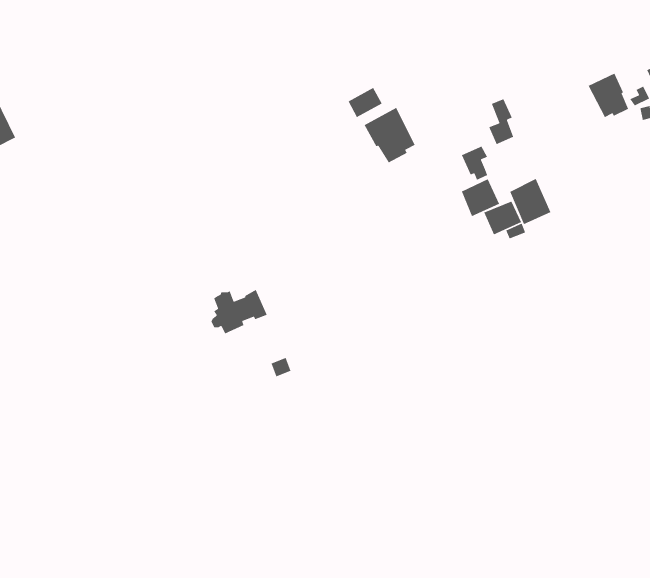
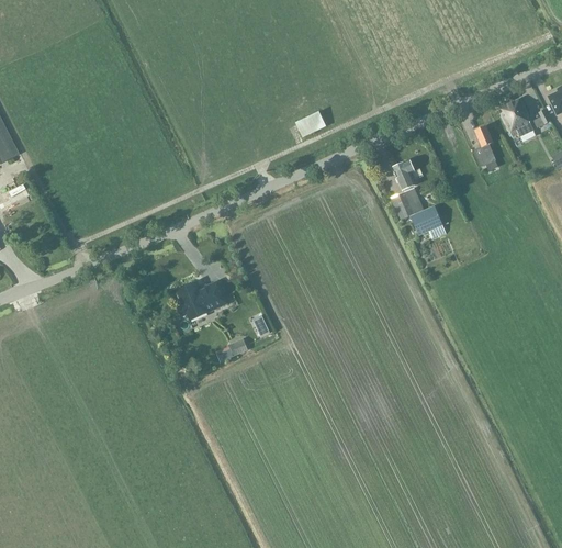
building: [488,98,514,145] -> [473,126,495,166]
building: [363,107,416,164] -> none
building: [509,178,552,225] -> none

